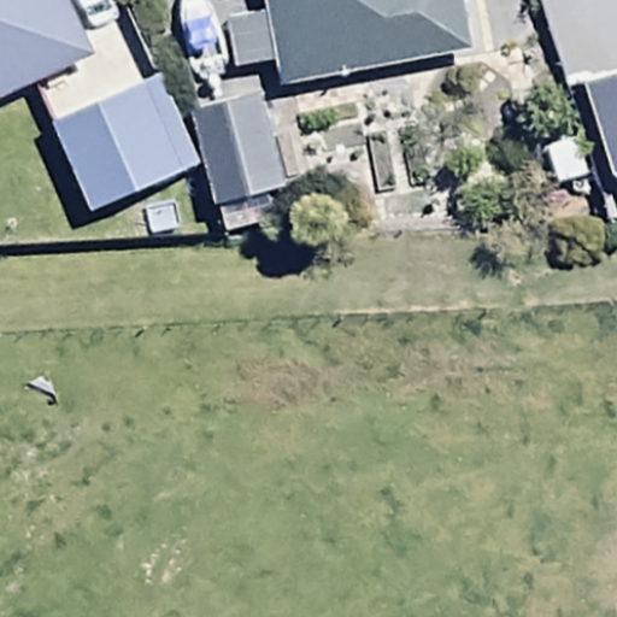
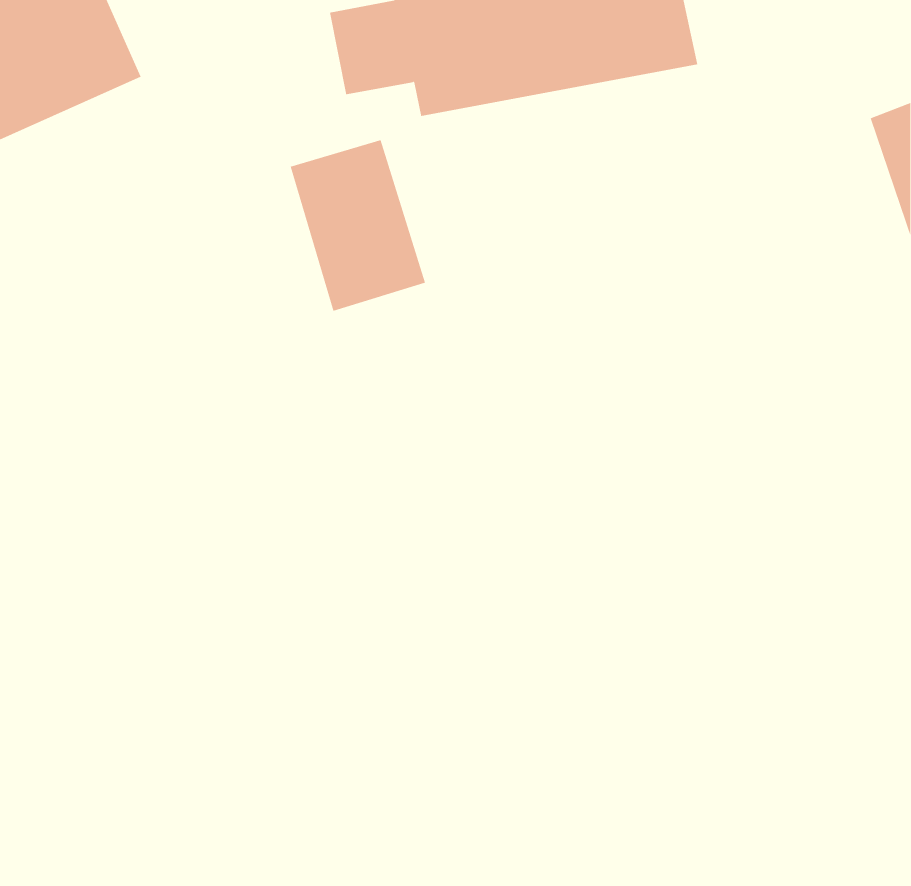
building: [54,82,189,215] -> none

